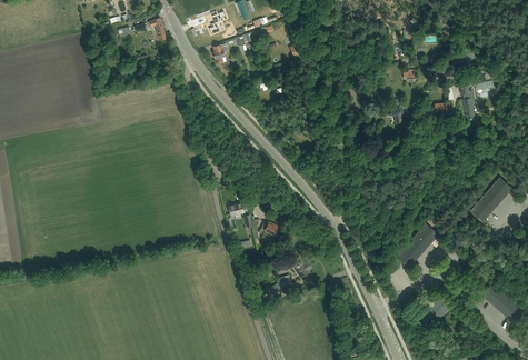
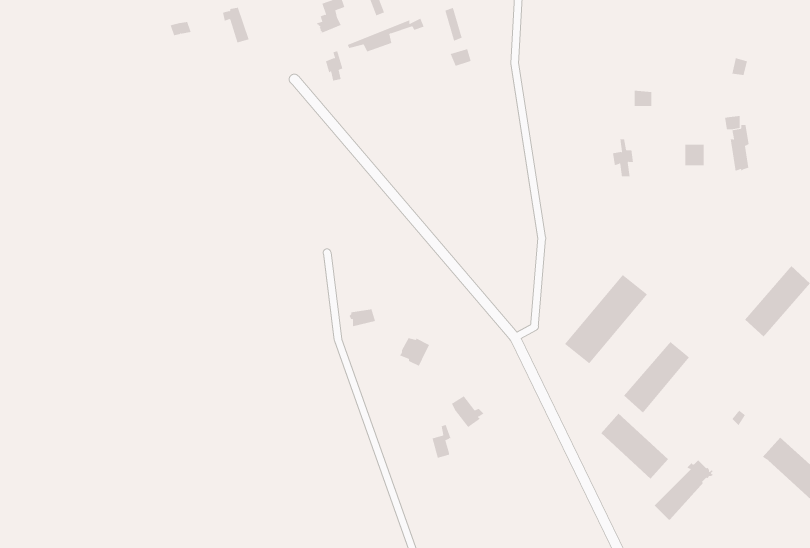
building: none -> [564,274,648,364]
building: none -> [600,413,669,480]

